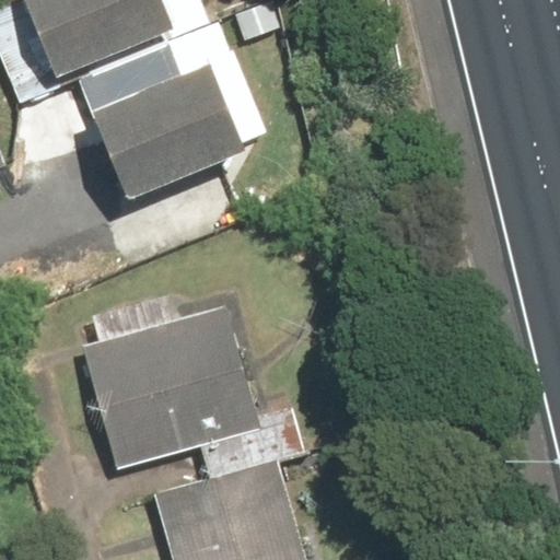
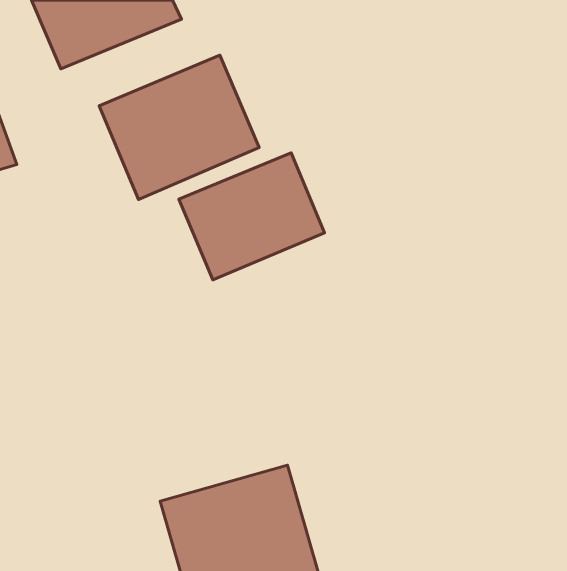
building: none -> [179,153,324,280]
building: [75,306,253,469] -> none

